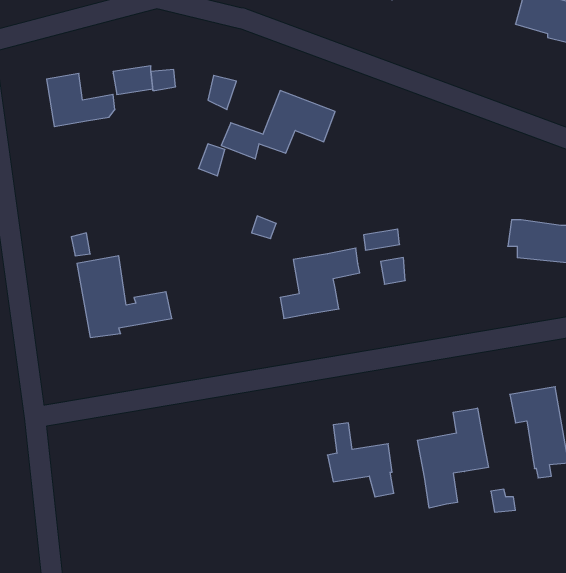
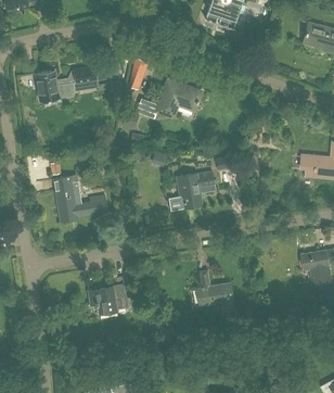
building: [417,408,488,508] -> none
building: none -> [88,284,126,313]

